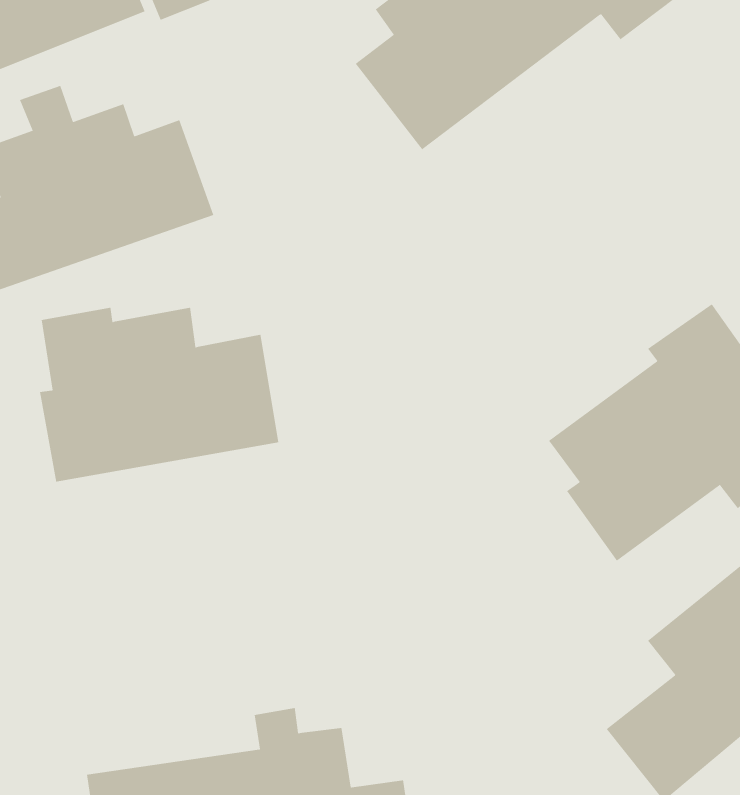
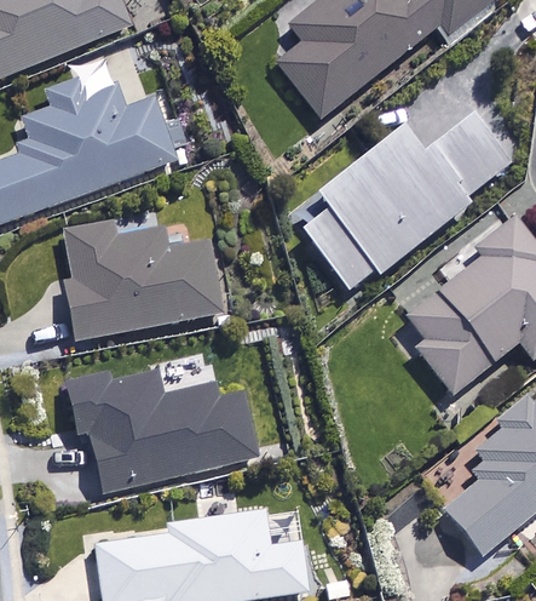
building: none -> [299,111,512,290]
building: none -> [65,367,259,492]

